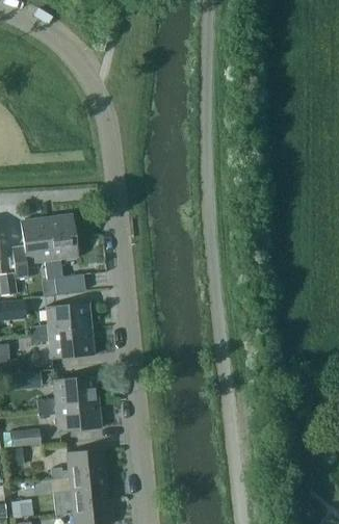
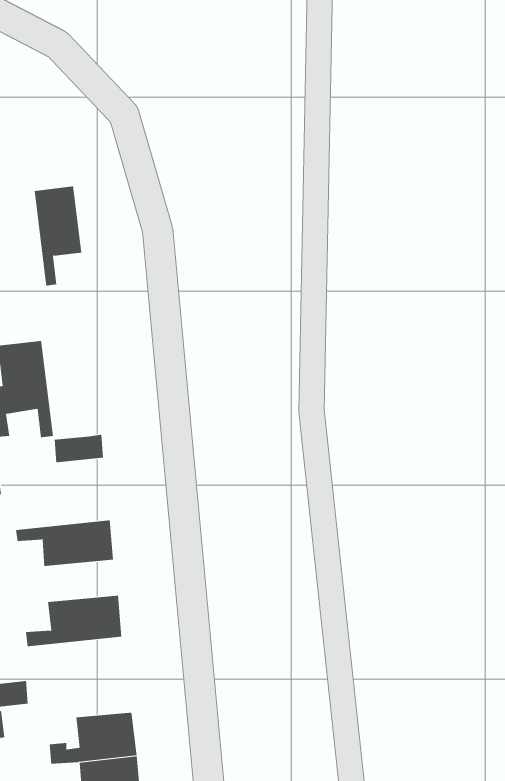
building: [47,214,77,277] -> [34,186,82,286]
building: [29,303,89,335] -> none
building: [37,401,99,430] -> none

